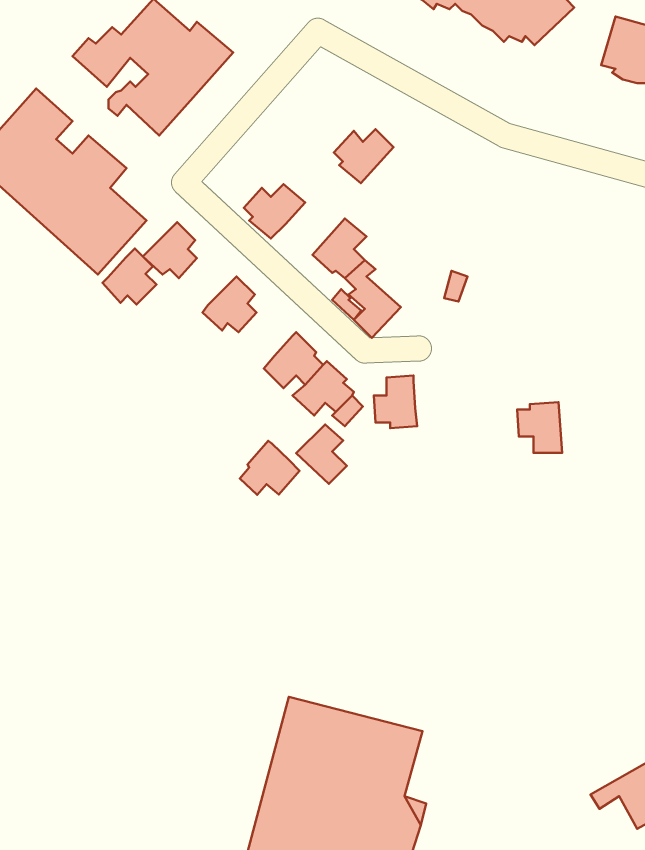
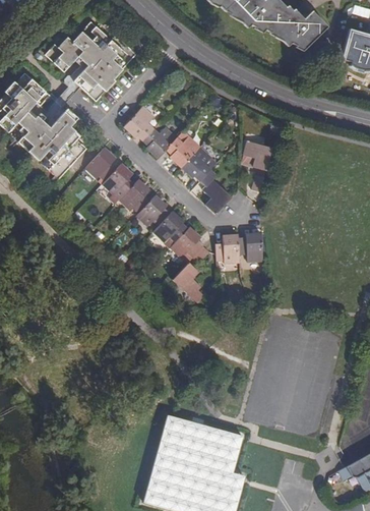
building: [334,129,393,183] -> [166,136,199,167]
building: none -> [124,107,155,140]
building: none -> [244,143,272,171]
building: [102,249,156,305] -> [103,164,133,195]
building: none -> [135,194,170,226]
building: [517,402,562,453] -> [238,234,263,263]
building: [240,441,300,495] -> none

